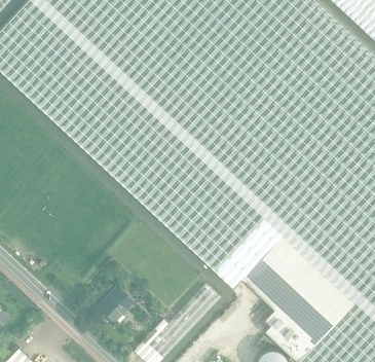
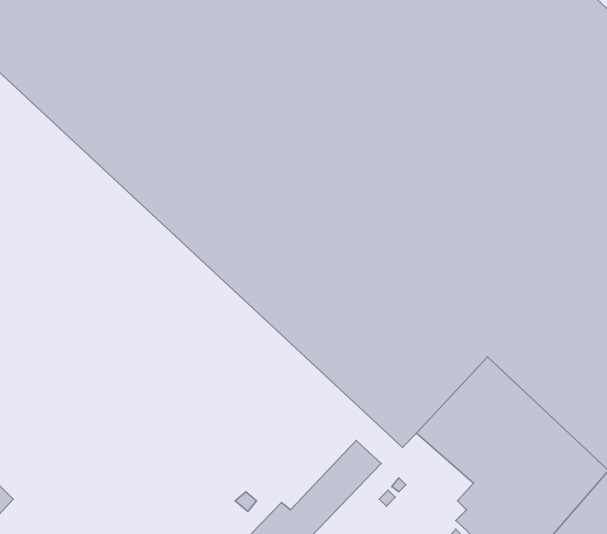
building: [101,285,133,320] -> none

